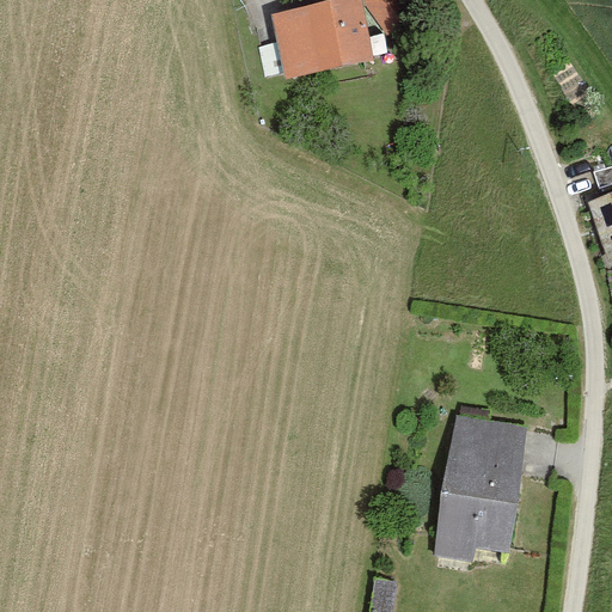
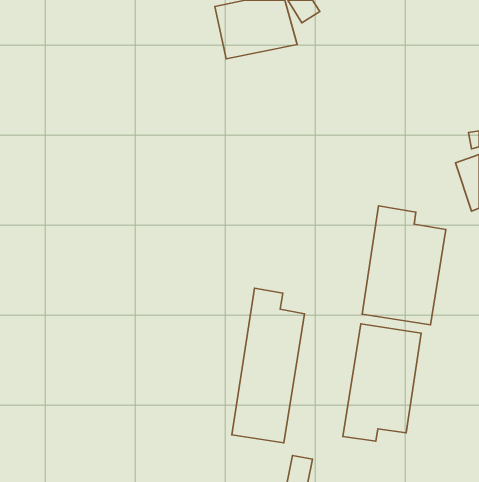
building: none -> [362,206,446,325]
building: none -> [232,288,304,443]

